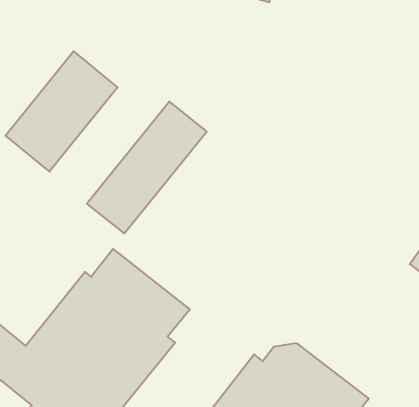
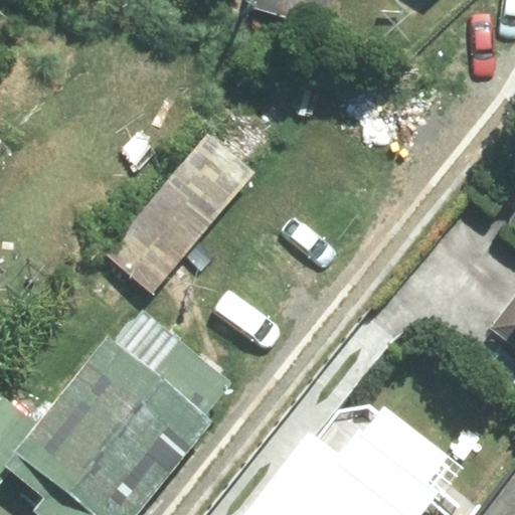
building: [5,51,118,172] -> none

